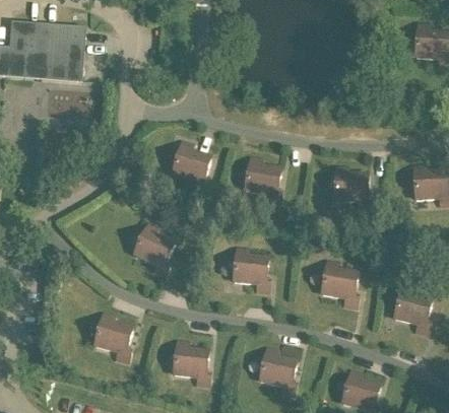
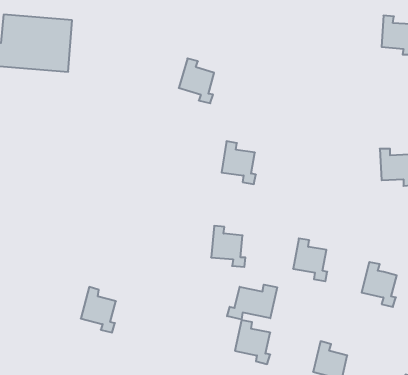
building: [172,140,209,188] -> [179,58,214,103]
building: [333,164,370,206] -> none
building: [133,222,173,273] -> none
building: none -> [227,285,277,319]
building: [173,339,209,383] -> none

